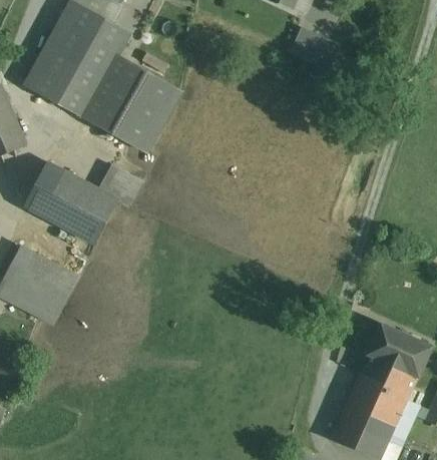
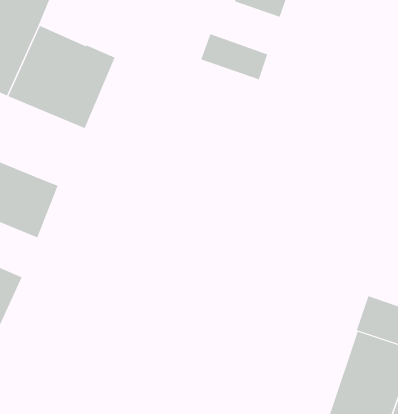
building: none -> [201,32,268,80]
building: [99,164,141,206] -> none

